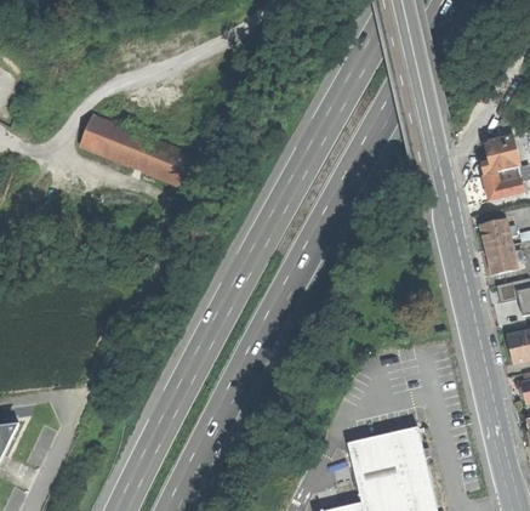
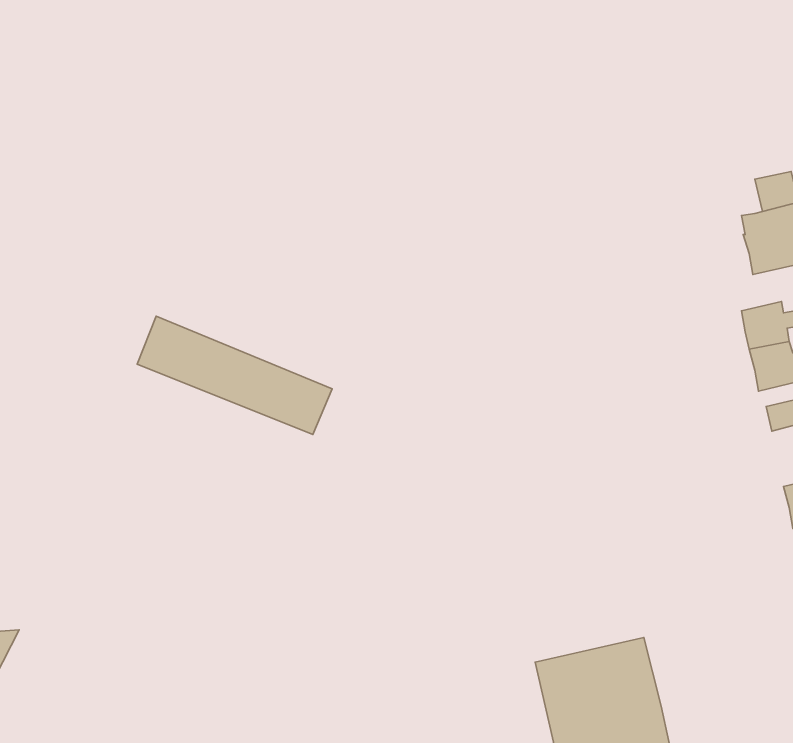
building: [85,118,209,193] -> [137,316,332,435]

